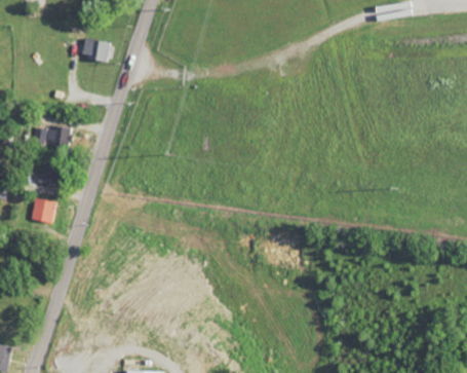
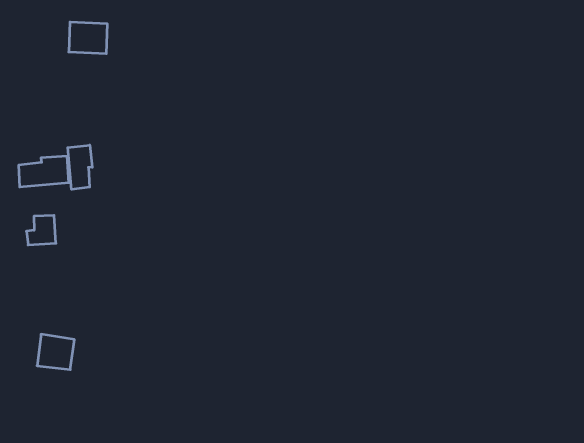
building: none -> [68,145,92,189]
building: [32,197,59,223] -> [37,334,74,370]

